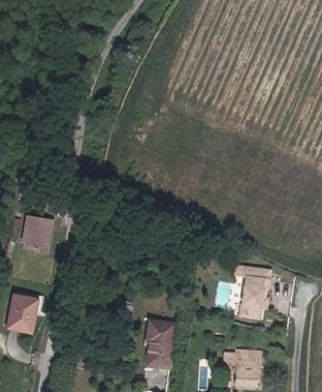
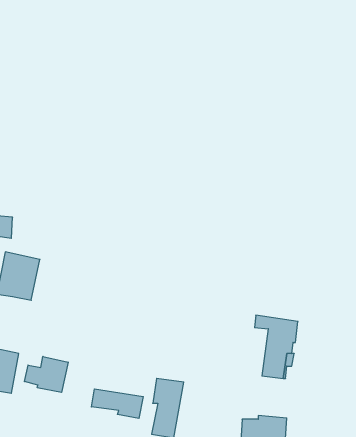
building: none -> [24,356,68,392]
building: none -> [91,389,143,418]

